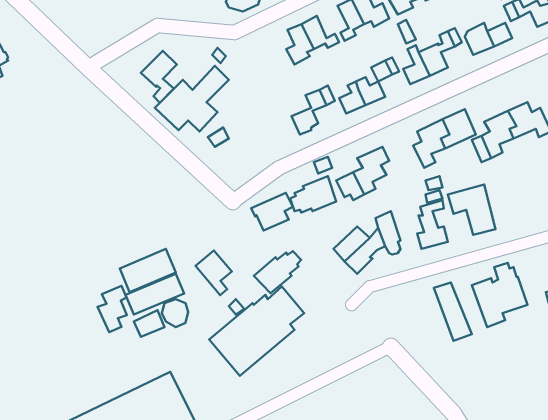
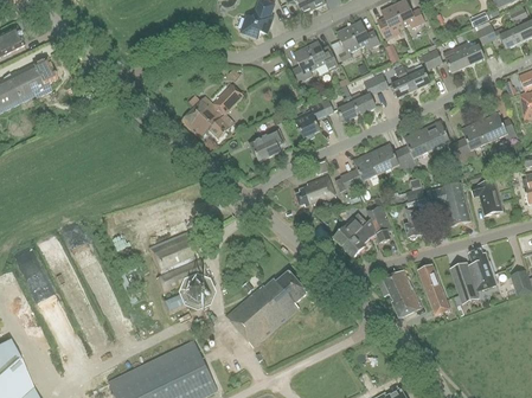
building: [141,51,177,103] -> none
building: none -> [373,142,410,173]
building: none -> [472,181,502,214]
building: [251,193,293,231] -> [249,127,284,159]
building: [196,250,232,295] -> none
building: [254,251,301,293] -> none
building: [97,286,127,332] -> none
building: none -> [383,268,422,316]

